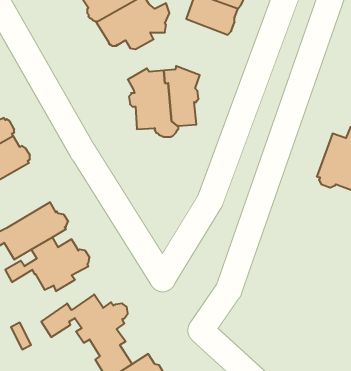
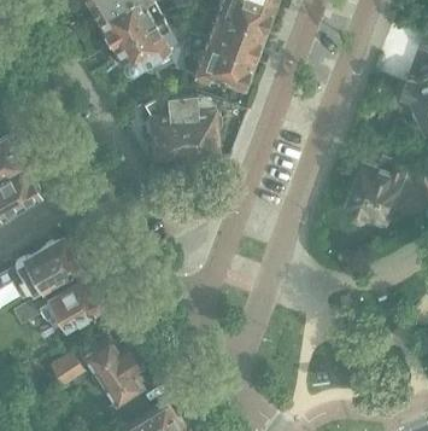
building: none -> [183,36,251,88]

